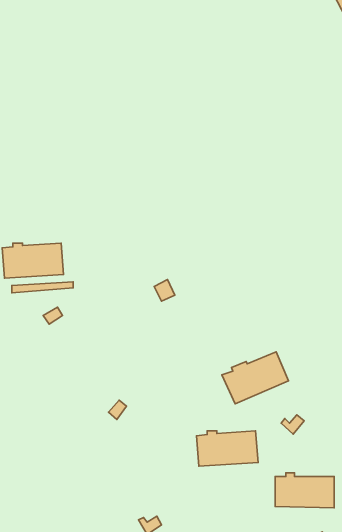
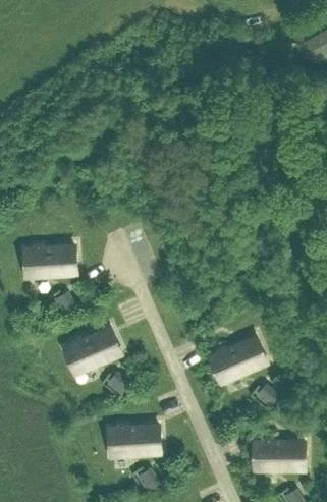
building: none -> [63,328,119,372]
building: [196,431,258,466] -> [108,425,160,454]

